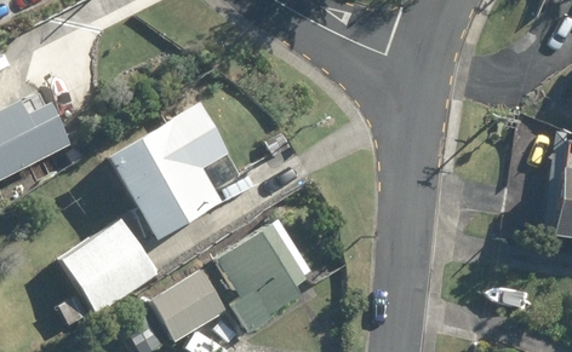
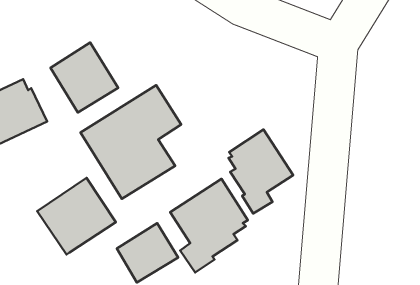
building: none -> [51,43,118,113]
building: none -> [229,129,293,214]

